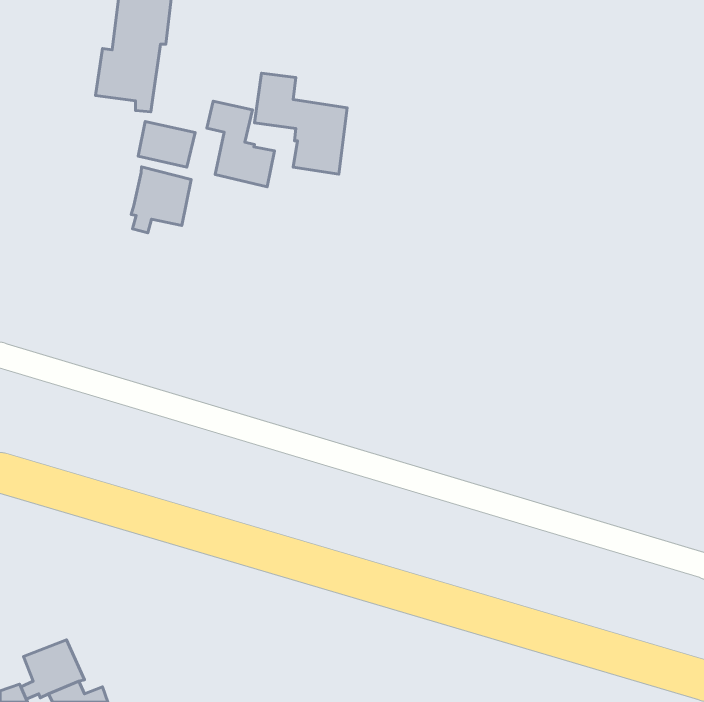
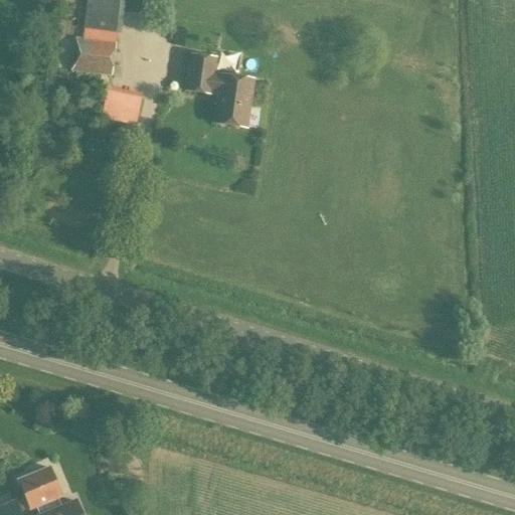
building: [207,101,275,187] -> none
building: [131,167,191,233] -> none

